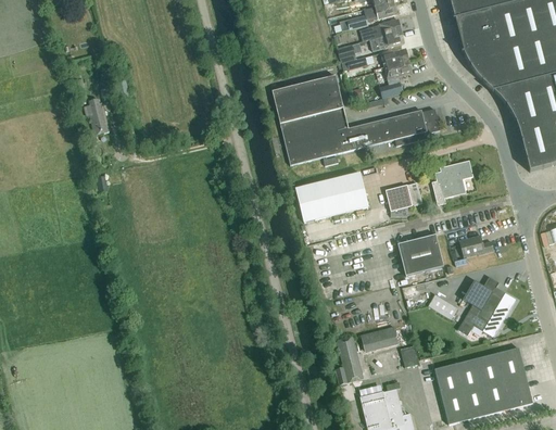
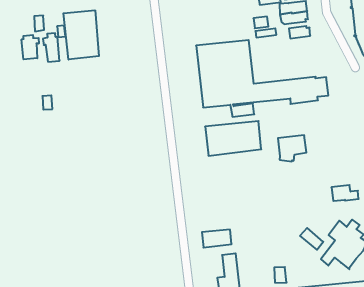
building: [380,60,410,97] -> none
building: none -> [63,10,99,60]
building: none -> [22,35,39,59]
building: [431,160,472,204] -> none
building: [397,233,443,275] -> none
building: [361,326,399,352] -> [202,230,232,248]

